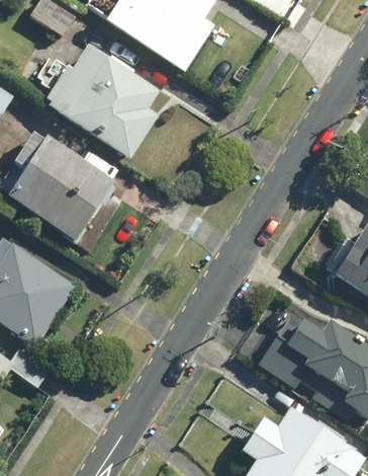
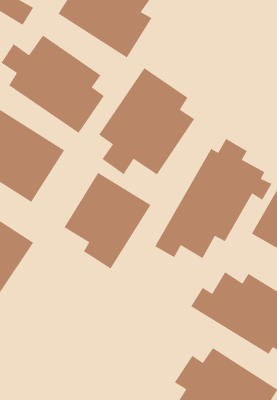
building: none -> [98,67,195,176]
building: none -> [154,138,273,259]
building: none -> [64,172,151,270]

